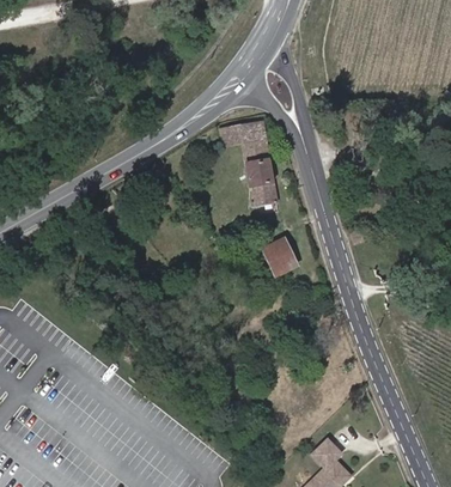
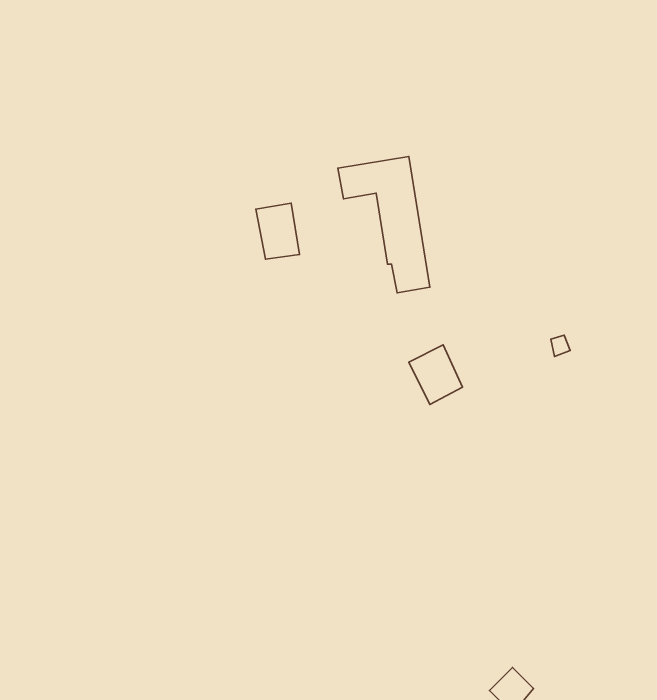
building: none -> [256,203,299,259]

